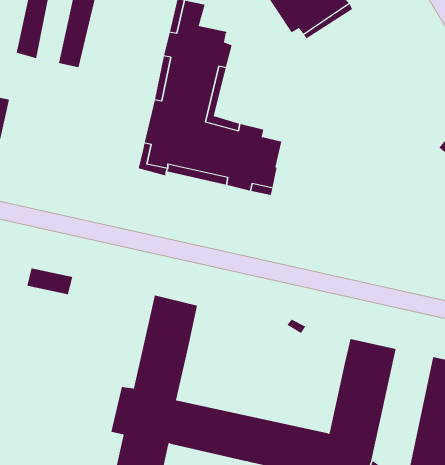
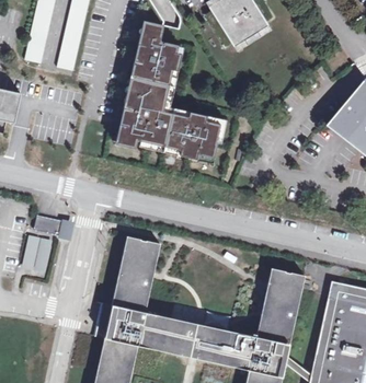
building: none -> [21,236,50,269]

